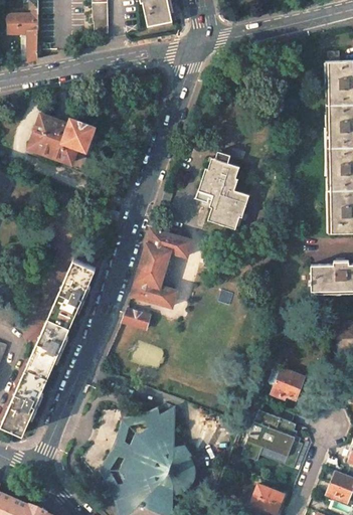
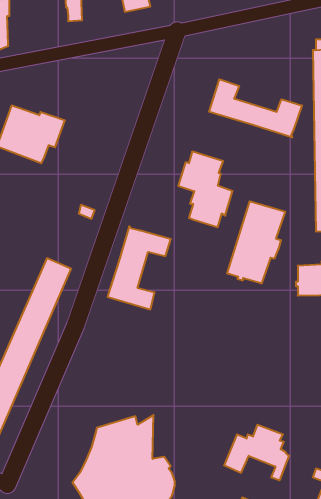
building: none -> [209,79,302,137]
building: none -> [227,201,285,284]
building: [120,309,149,330] -> none
building: [271,368,303,399] -> none

